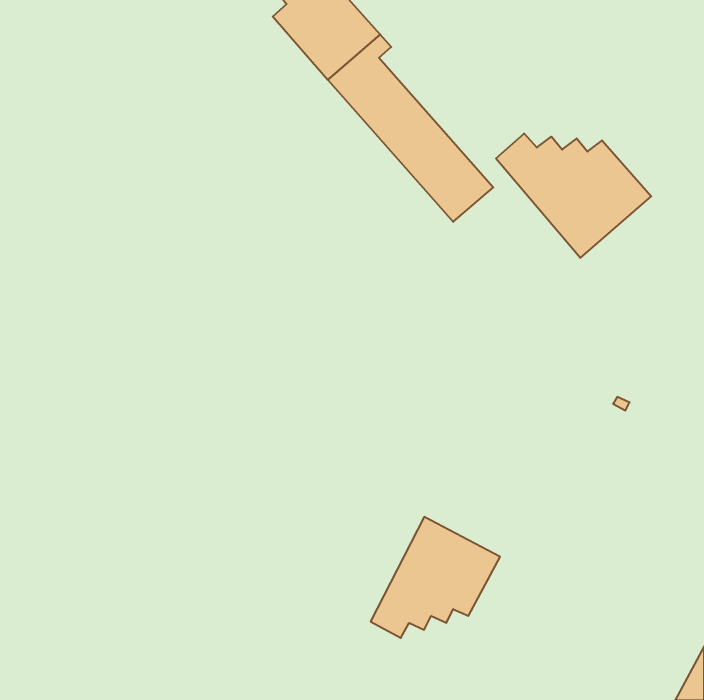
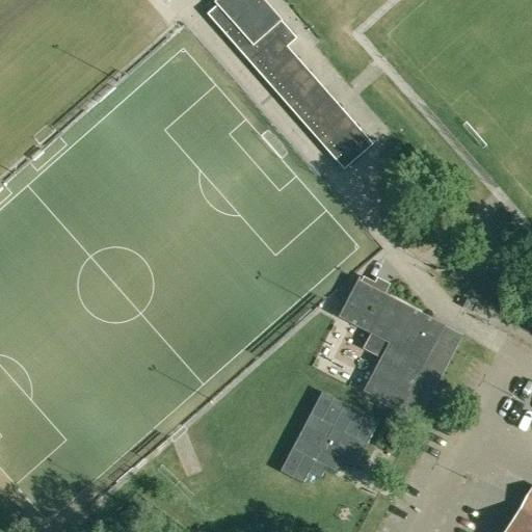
building: [496,133,651,258] -> none
building: none -> [338,278,462,418]

